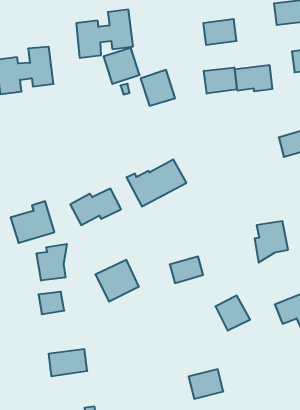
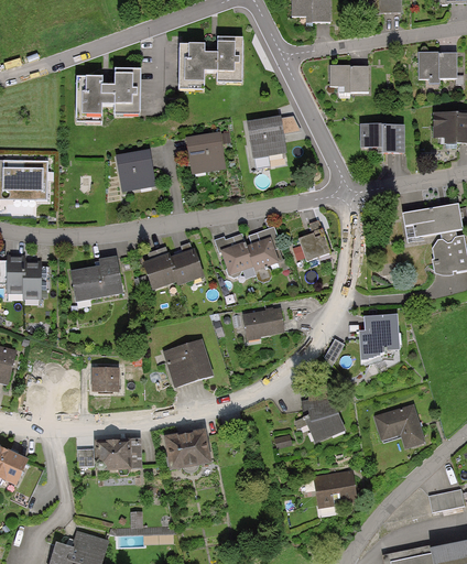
building: [103,48,140,84] -> [186,131,227,172]
building: [204,67,237,94] -> none
building: none -> [116,149,155,189]
building: none -> [298,229,330,260]
building: [37,244,67,281] -> none
building: [170,256,203,283] -> [245,307,283,336]
building: none -> [164,430,208,468]
building: [189,369,223,399] -> [315,469,355,501]

